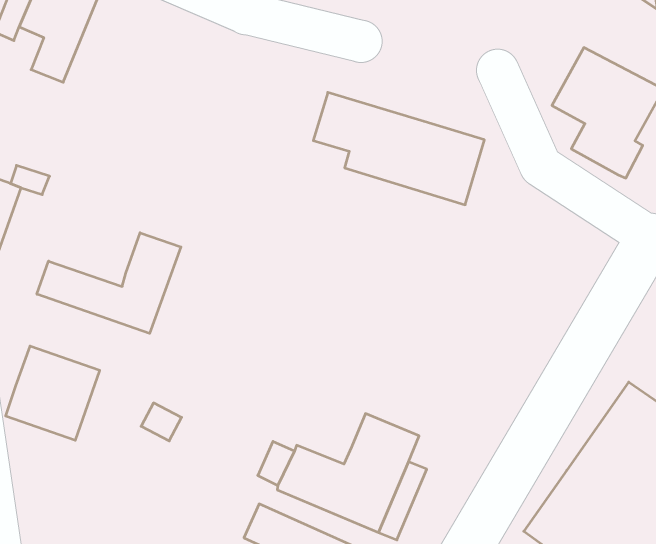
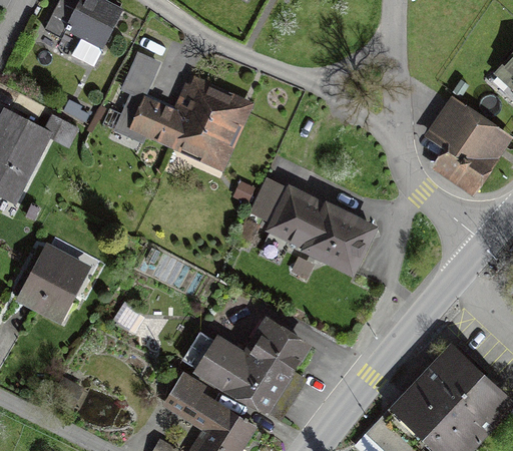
building: none -> [114,45,235,161]
building: [313,92,484,205] -> [251,179,371,272]
building: [37,233,181,333] -> none

